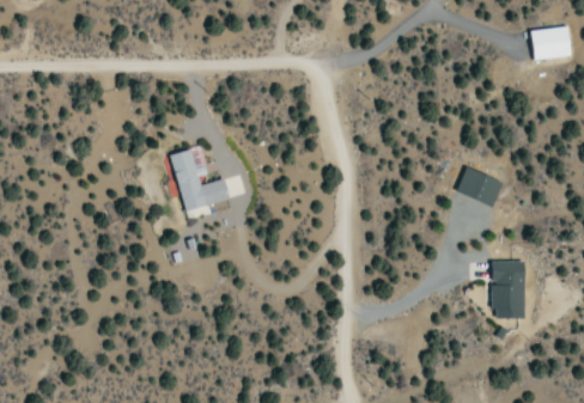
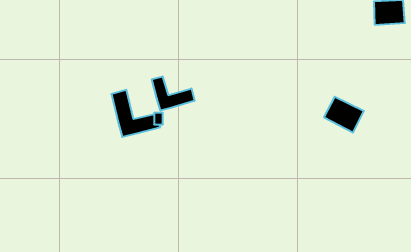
building: none -> [152,76,194,111]
building: [494,258,530,322] -> none

